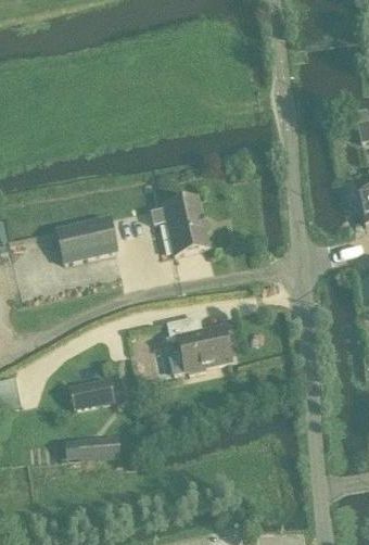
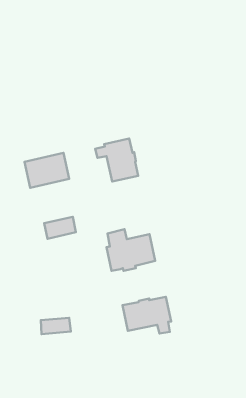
building: [71,378,113,407] -> [44,217,76,239]
building: none -> [122,297,171,334]

